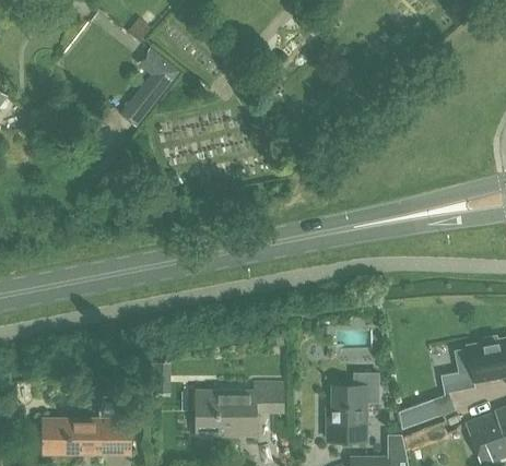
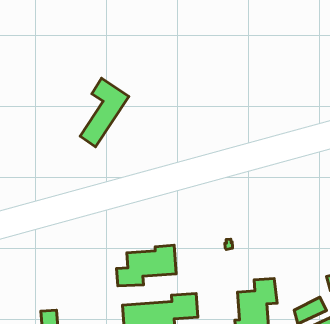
building: [118,47,179,128] -> [80,78,129,147]
building: none -> [116,245,176,286]

